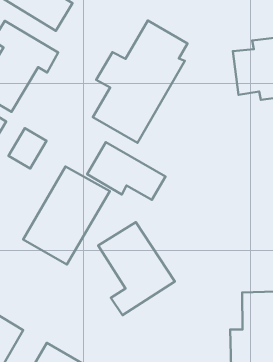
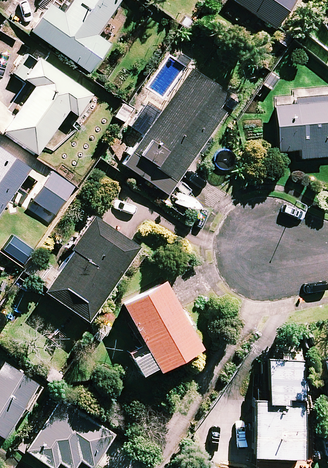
building: [87,142,166,200] -> none

